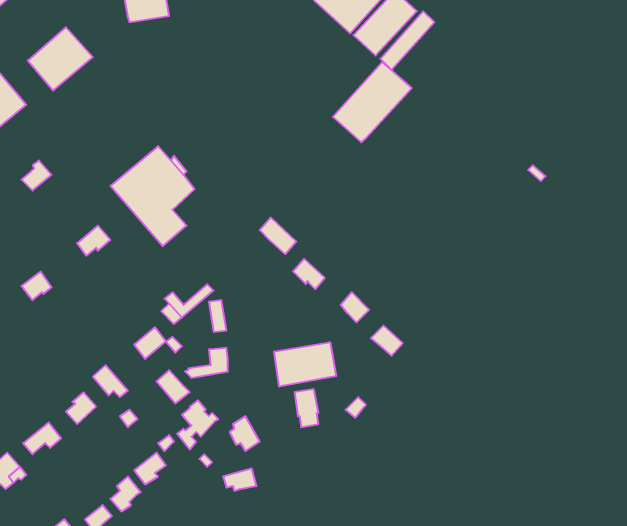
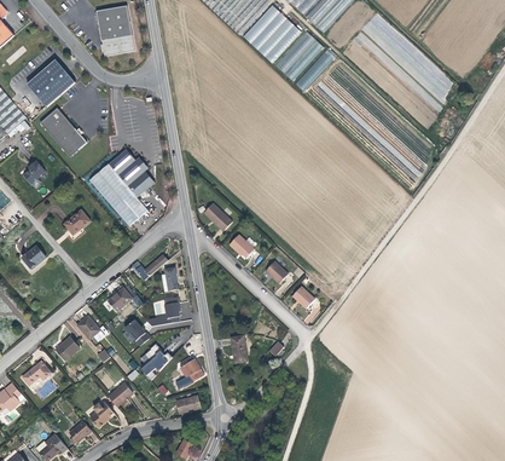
building: [333,62,412,142] -> none
building: none -> [40,108,86,156]
building: [274,342,336,387] -> none

